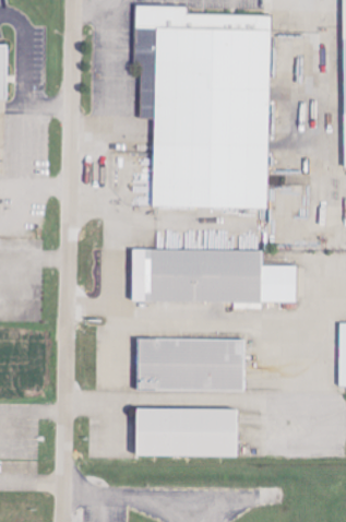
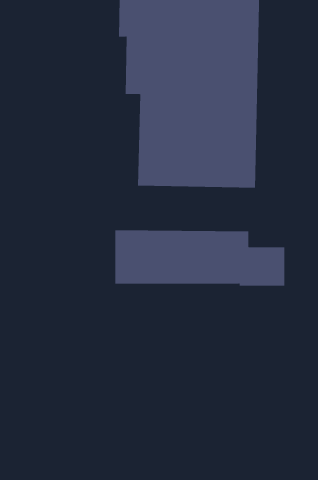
building: [135,336,243,391] -> none
building: [132,406,237,455] -> none

